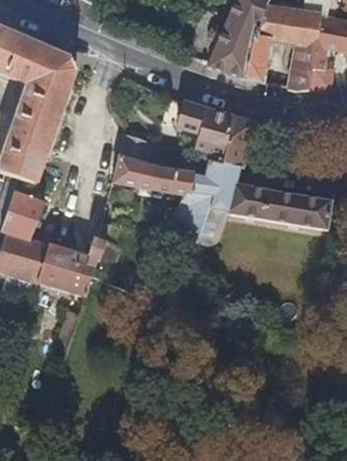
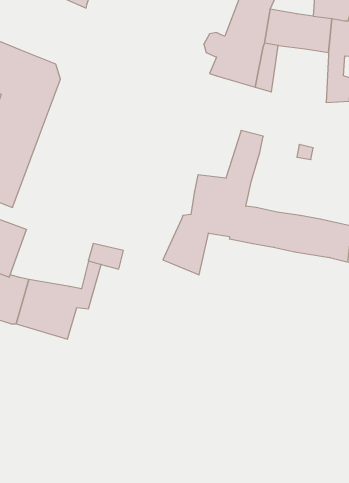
building: [287,43,313,91] -> none
building: [179,102,234,150] -> none
building: [114,151,196,193] -> none

